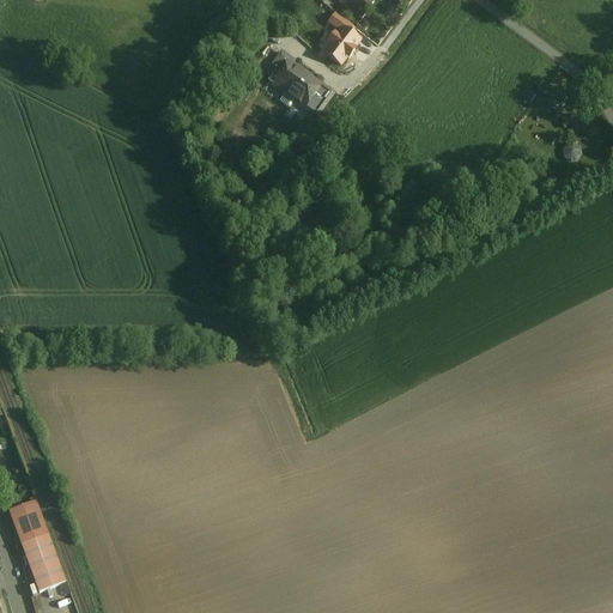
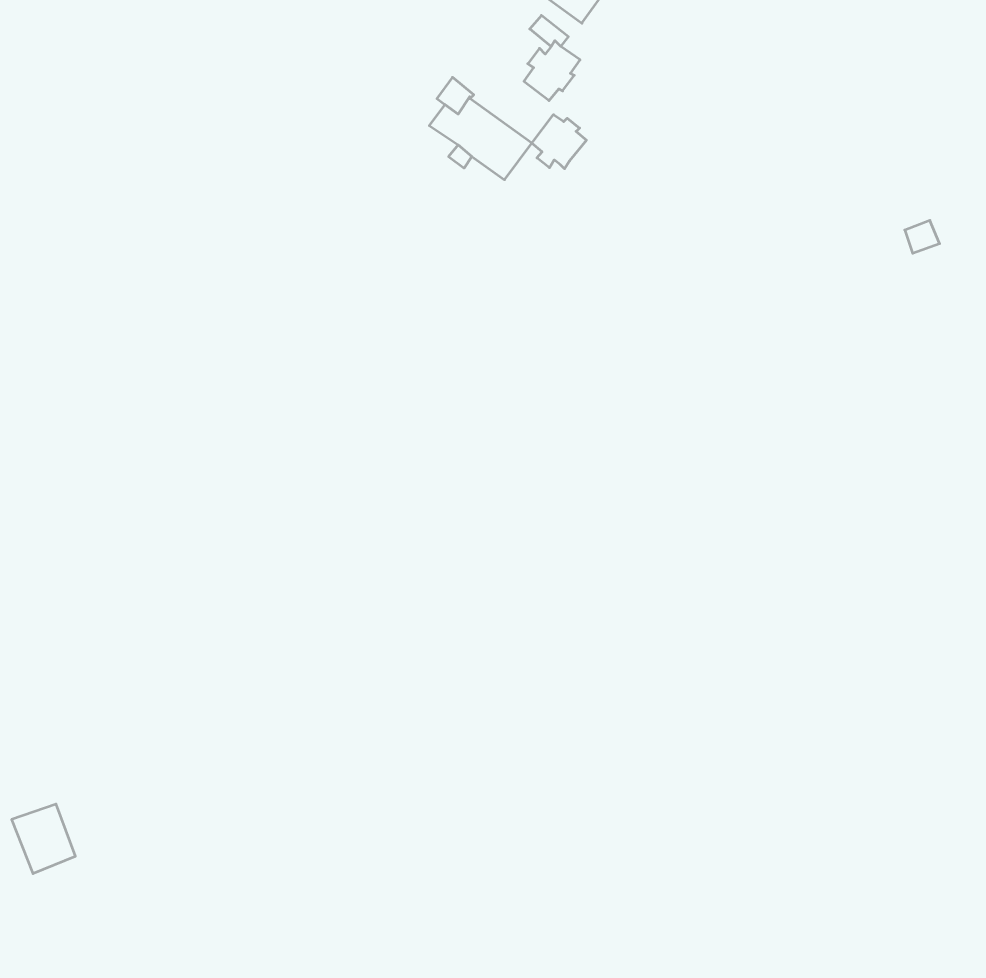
building: none -> [532,115,586,169]
building: [20,530,65,589] -> none

